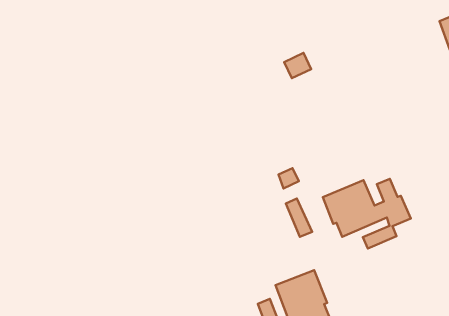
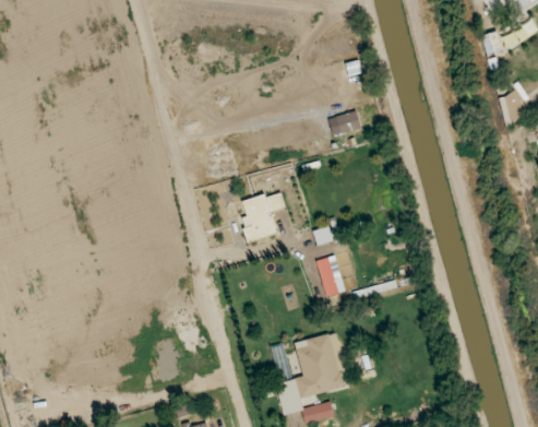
building: none -> [241,190,285,241]
building: [323,179,411,248] -> none

